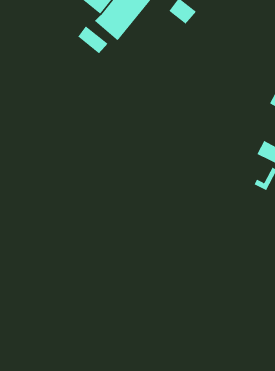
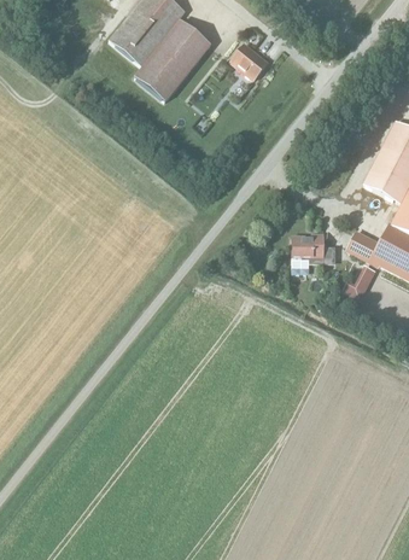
building: [78,25,108,54] -> none
building: none -> [292,232,323,266]

